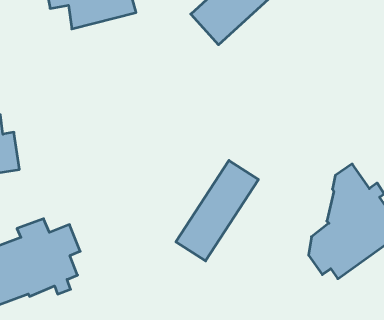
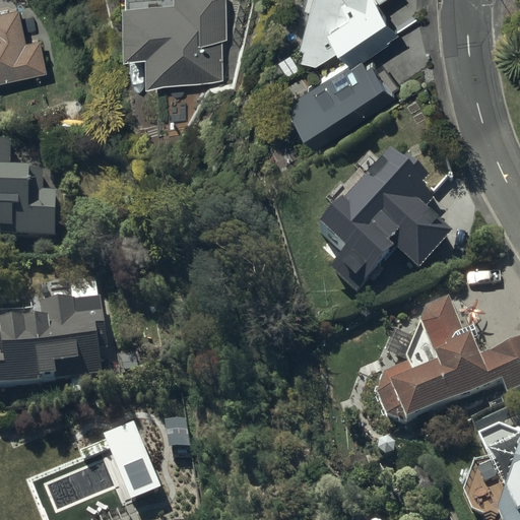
building: none -> [319,146,452,282]
building: [176,160,258,261] -> none

